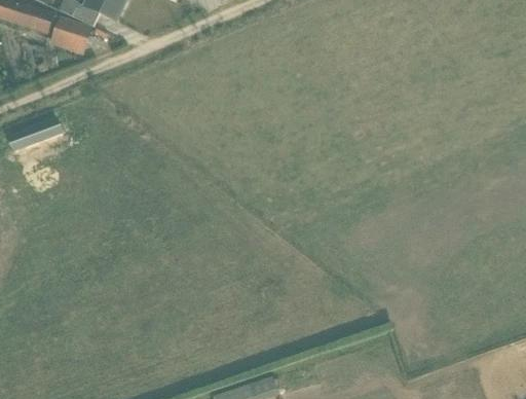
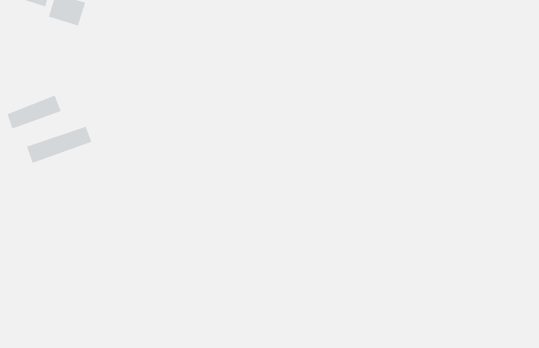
building: none -> [26,126,92,164]

